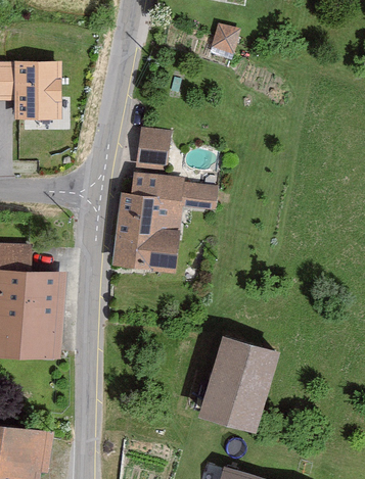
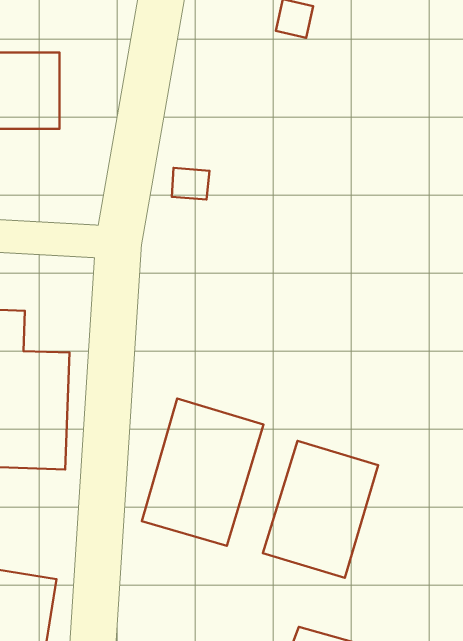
building: [113,171,214,272] -> none
building: none -> [142,399,264,546]

